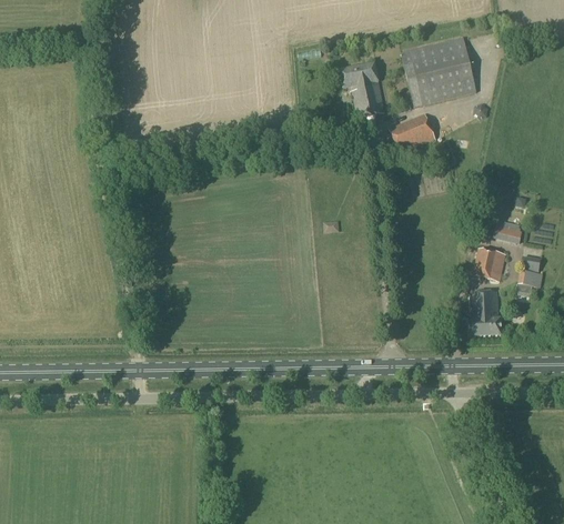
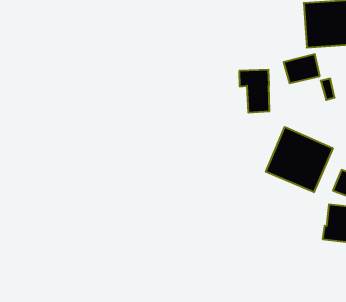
building: [340,62,384,118] -> [239,70,269,113]
building: none -> [266,127,333,192]

